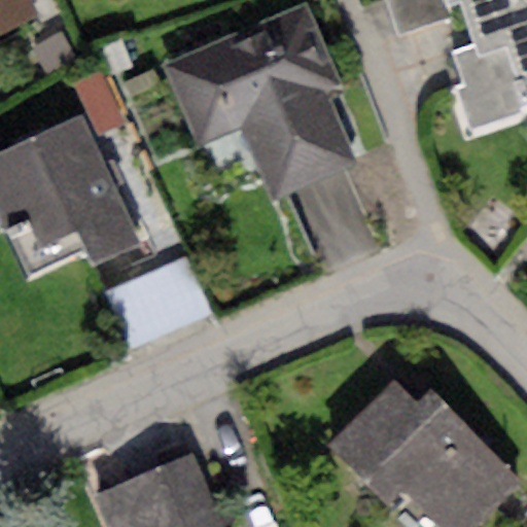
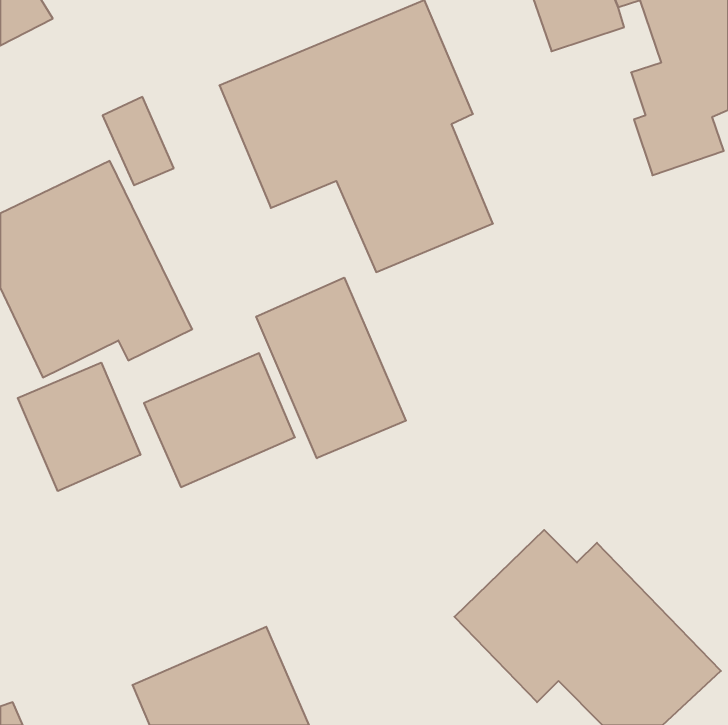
building: none -> [256,278,406,458]
building: none -> [18,363,140,491]

